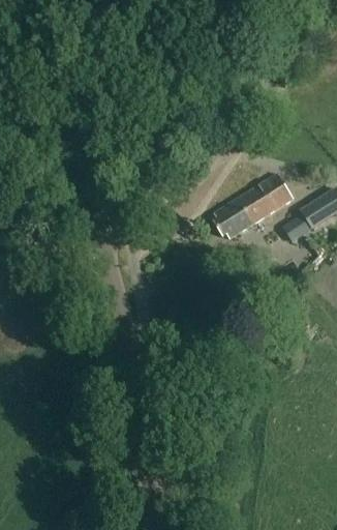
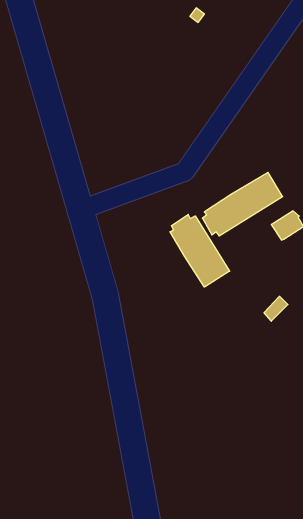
building: none -> [170,214,230,287]

